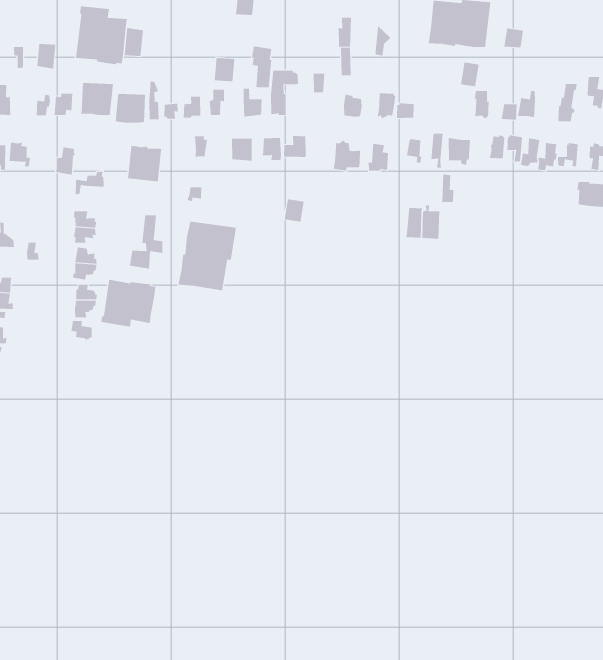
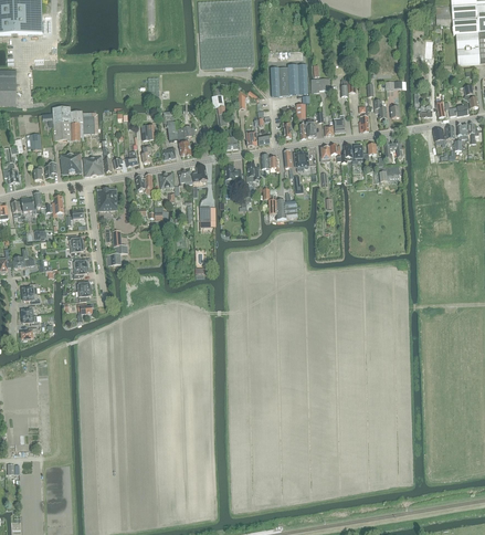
building: [178,221,237,291] -> none
building: [101,279,156,327] -> none

